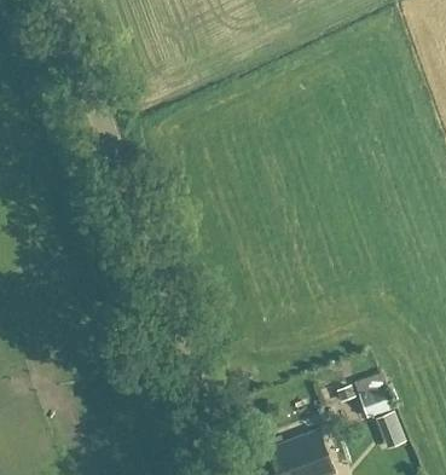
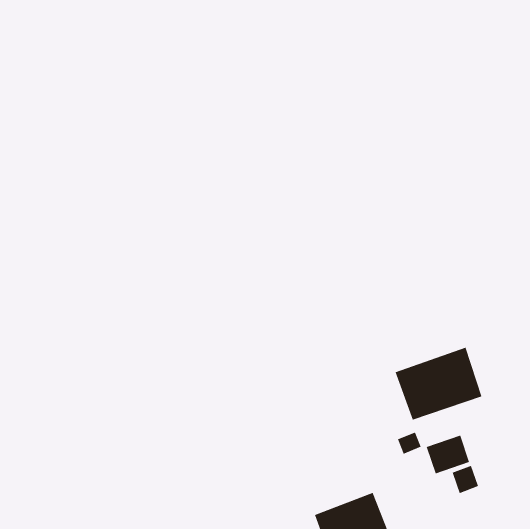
building: none -> [395,347,482,421]

